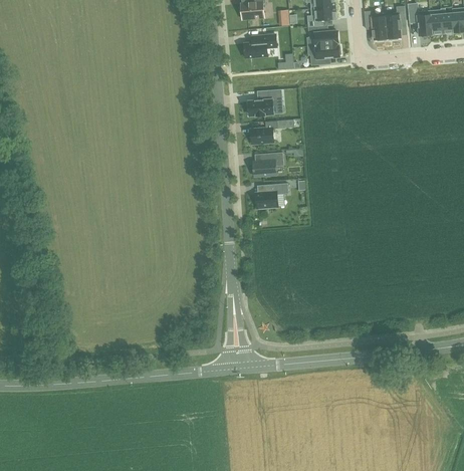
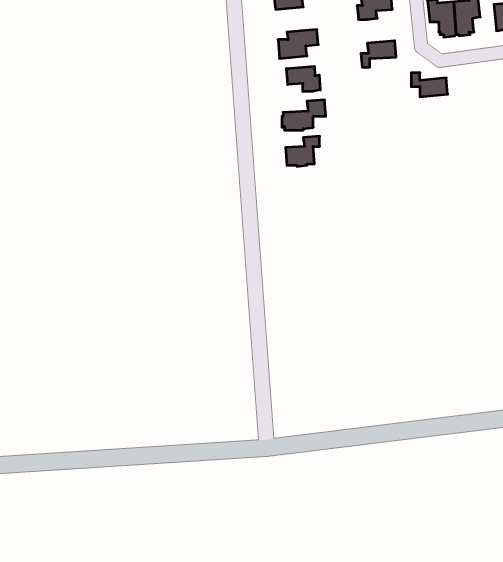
building: [308,26,337,45] -> [411,73,448,97]
building: none -> [287,66,320,92]
building: [253,152,283,176] -> none
building: [255,182,288,208] -> none

